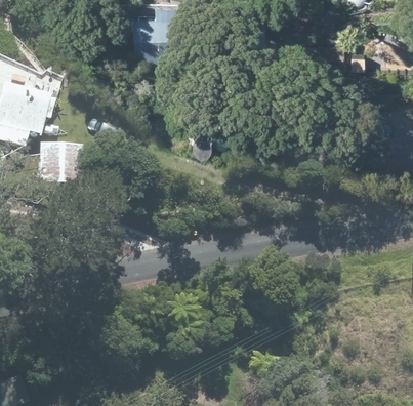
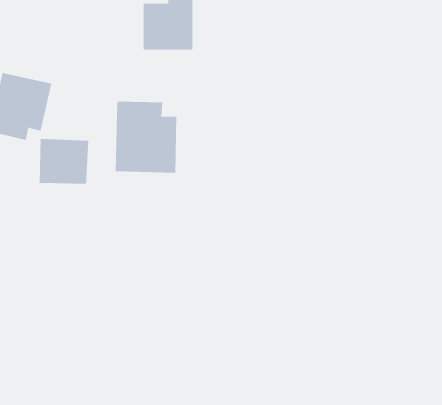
building: none -> [115,101,177,174]

